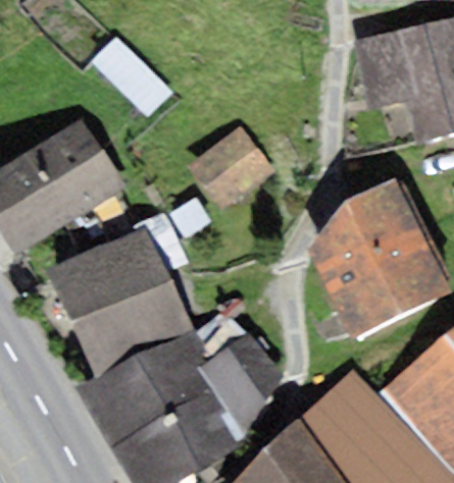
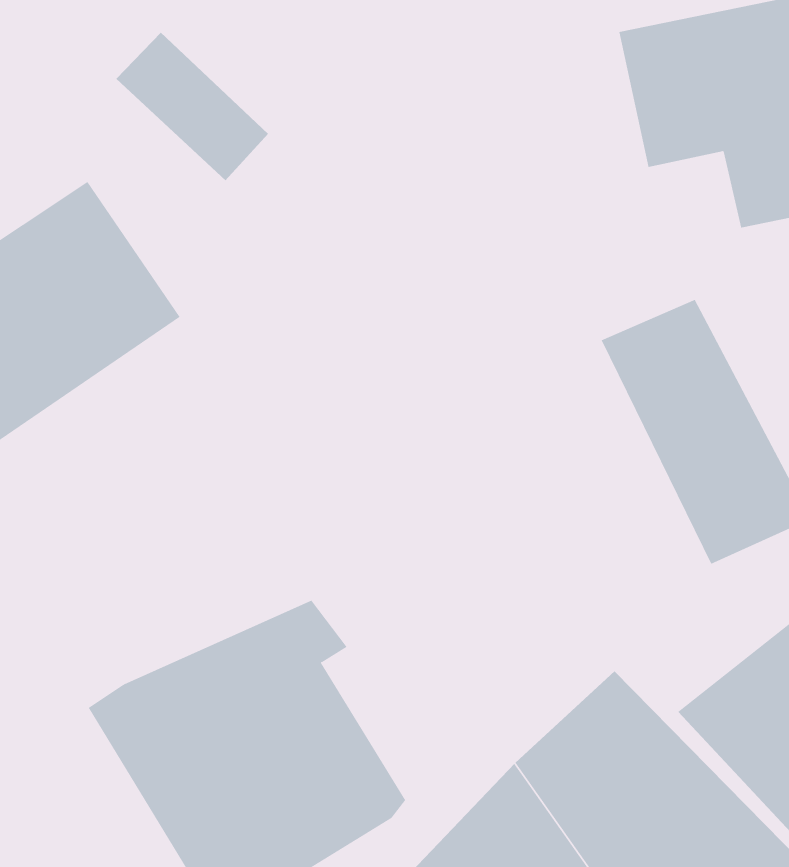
building: [187,123,273,207] -> none
building: [307,199,401,340] -> none
building: [49,228,194,377] -> none
building: [199,336,283,437] -> none

